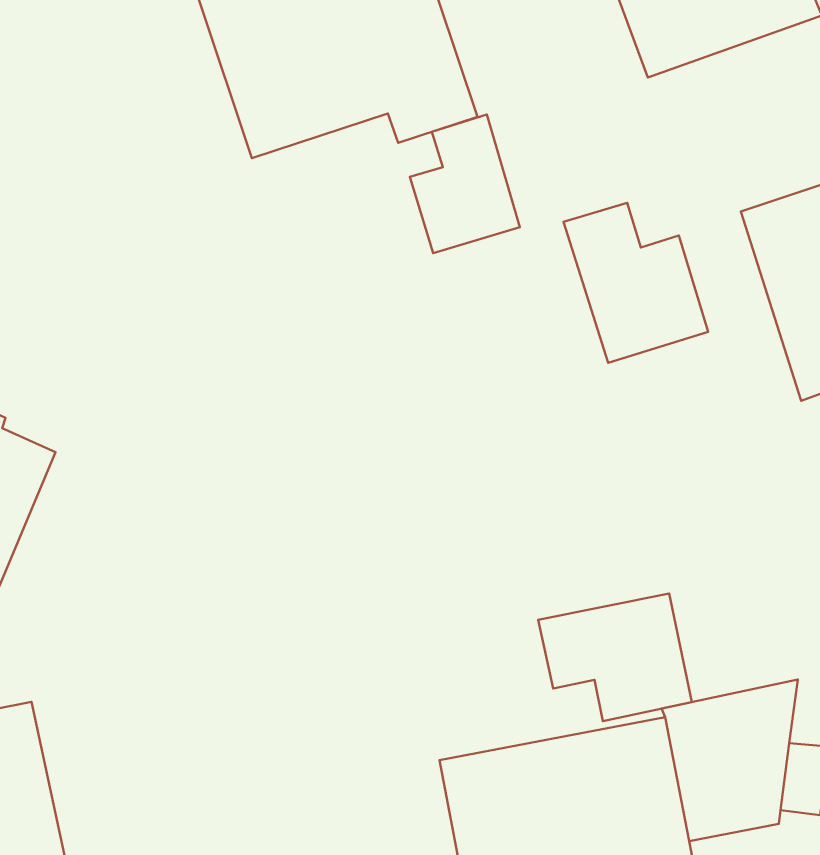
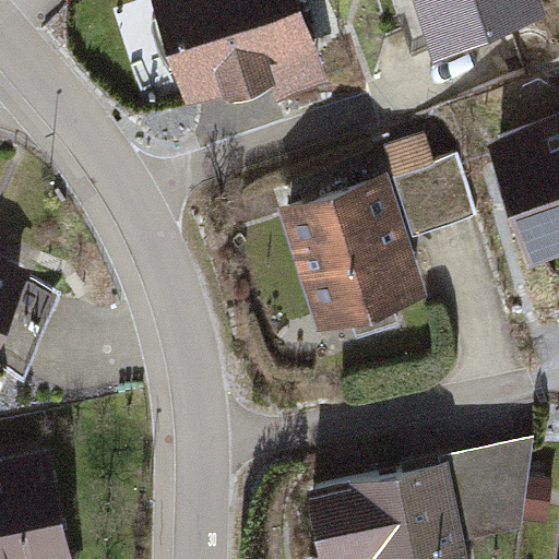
building: [410,115,520,253] -> none
building: none -> [281,179,423,336]
building: [538,594,692,721] -> none

